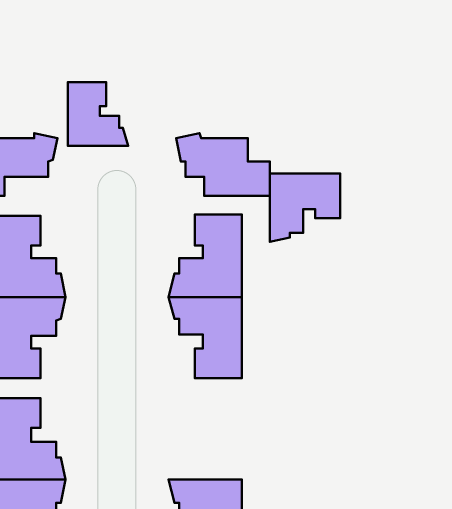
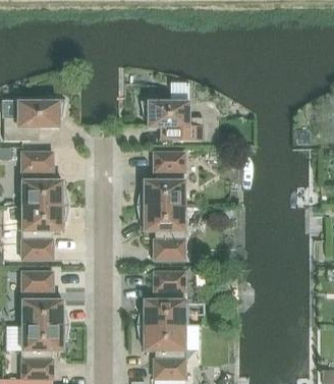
building: [68,82,128,146] -> none
building: [270,174,340,242] -> none
building: none -> [136,272,184,325]

